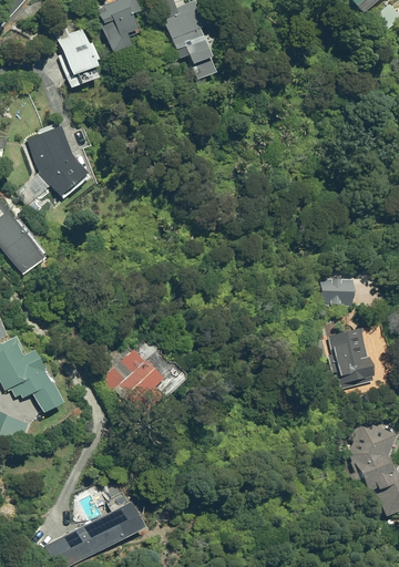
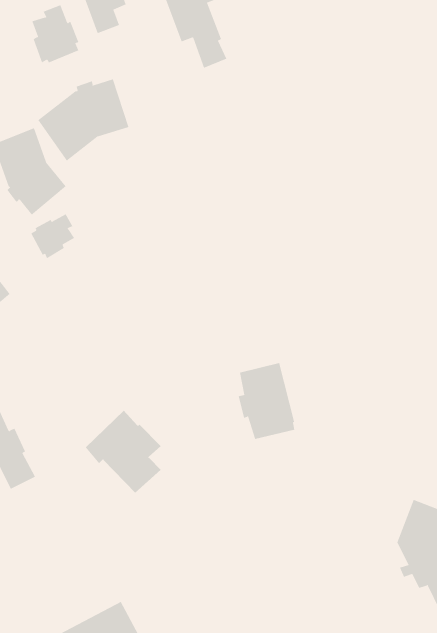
building: none -> [37,79,129,162]
building: none -> [30,213,75,259]
building: [319,278,355,307] -> none
building: [330,329,376,390] -> [238,363,295,440]

